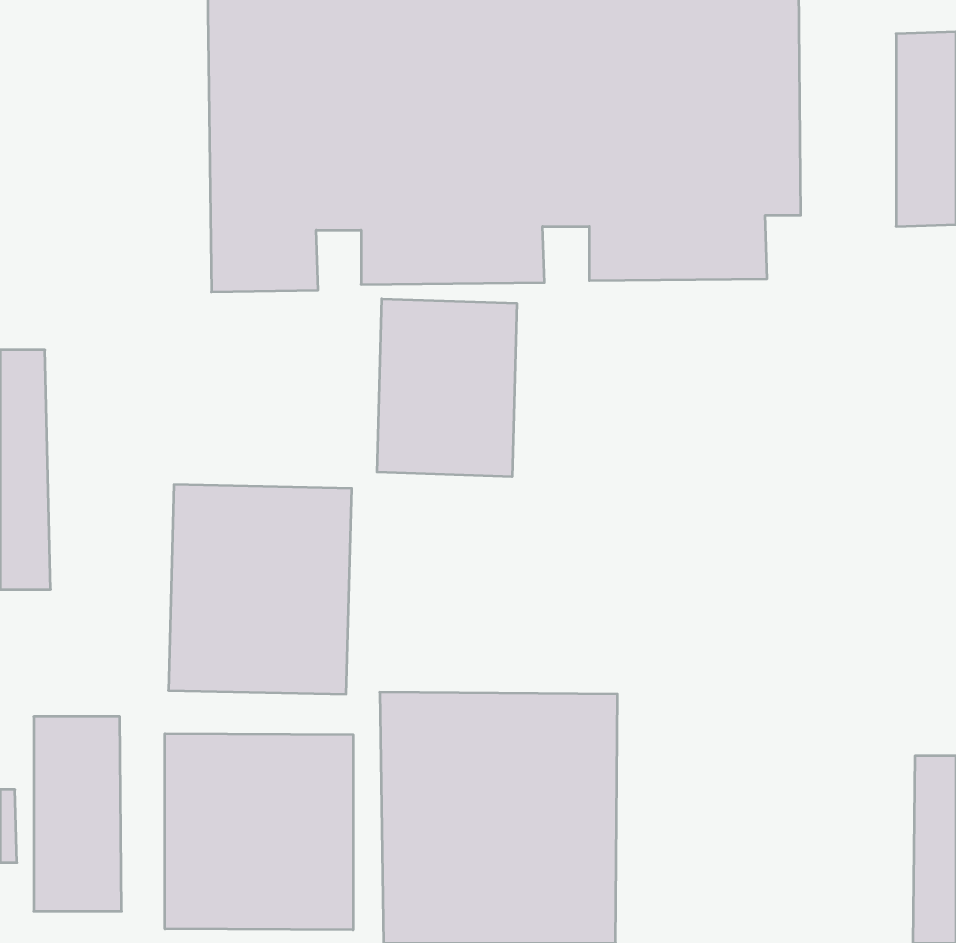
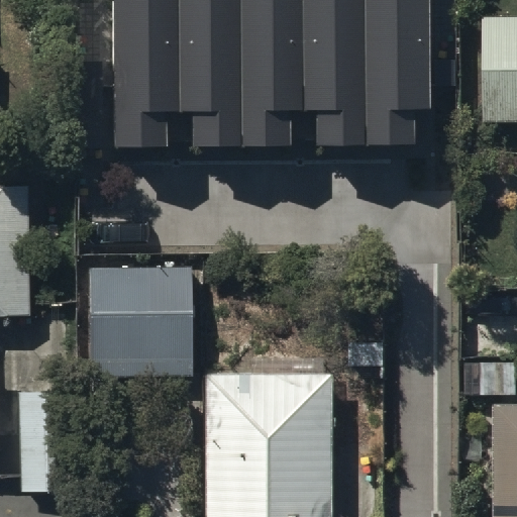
building: [377,299,517,477] -> none
building: [165,734,353,930] -> none

